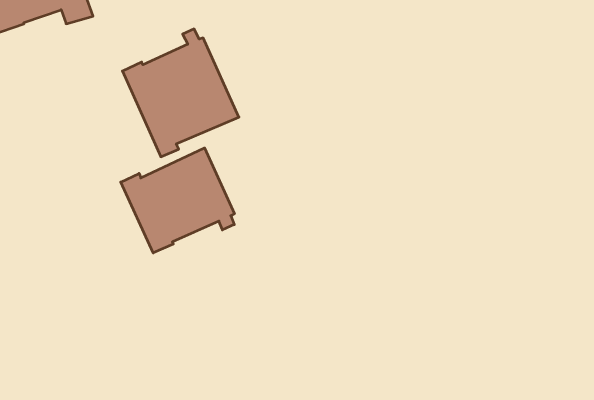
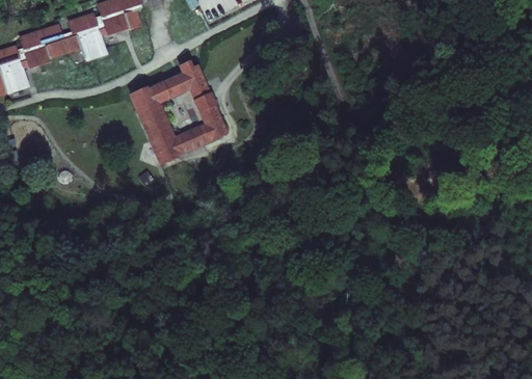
building: [121,148,234,253] -> none

